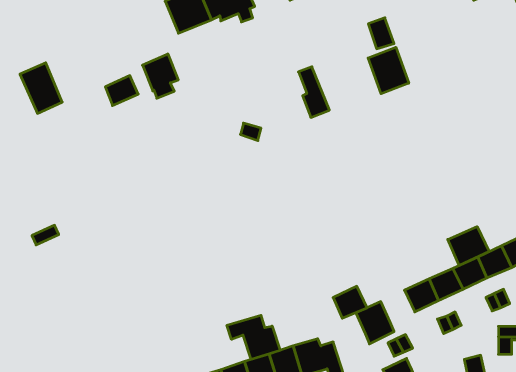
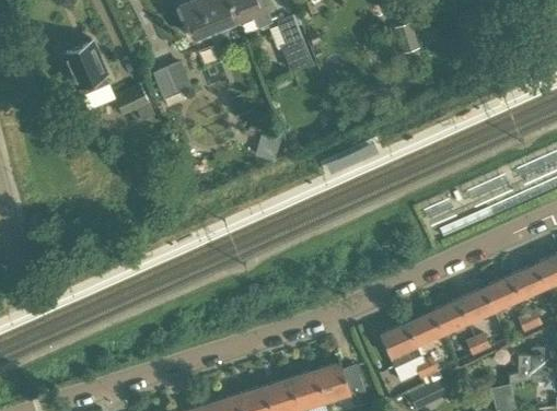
building: [368,47,409,94] -> none
building: [20,63,62,113] -> [65,42,109,95]
building: [298,67,329,117] -> [279,17,312,71]
building: [448,227,489,265] -> none
building: [333,286,367,318] -> [407,312,443,345]
building: [227,315,280,359] -> none

